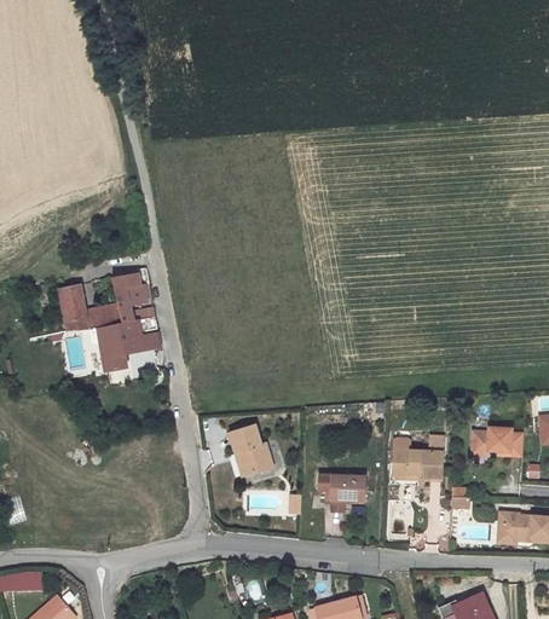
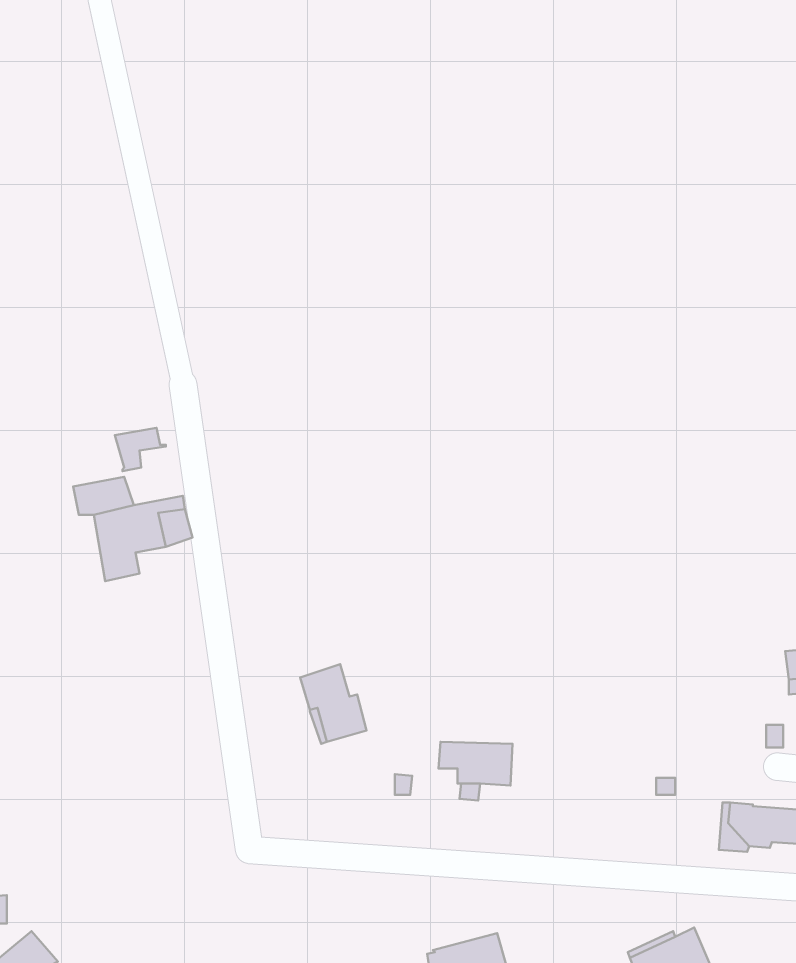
building: [58,284,87,331] -> none
building: [115,284,154,323] -> none
building: [470,427,522,456] -> none
building: [392,436,443,478] -> none

